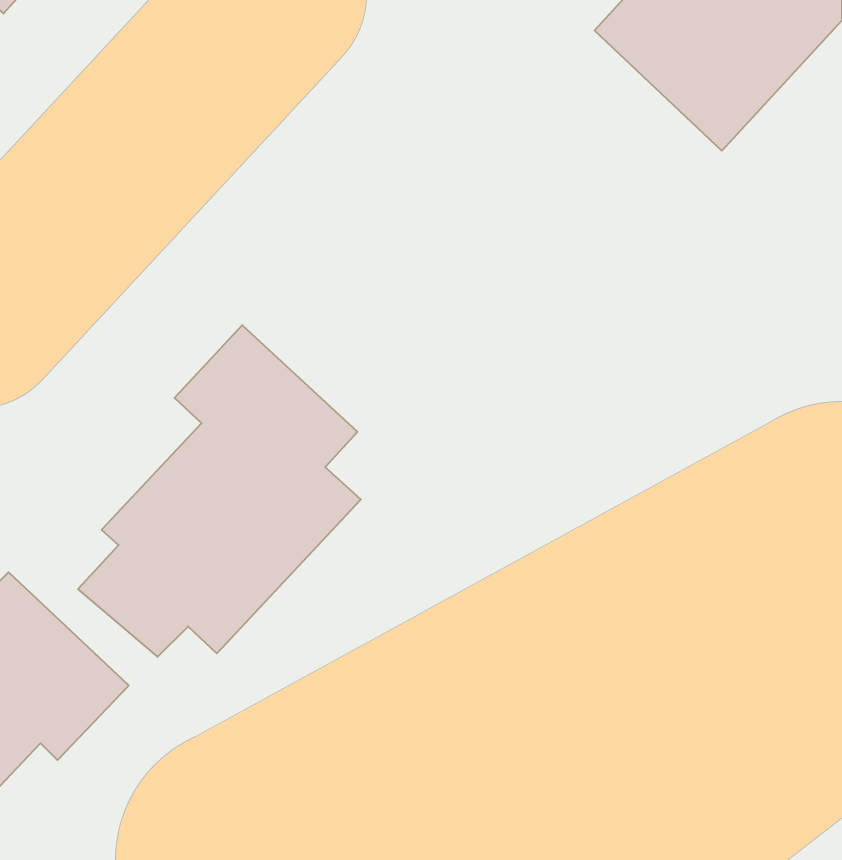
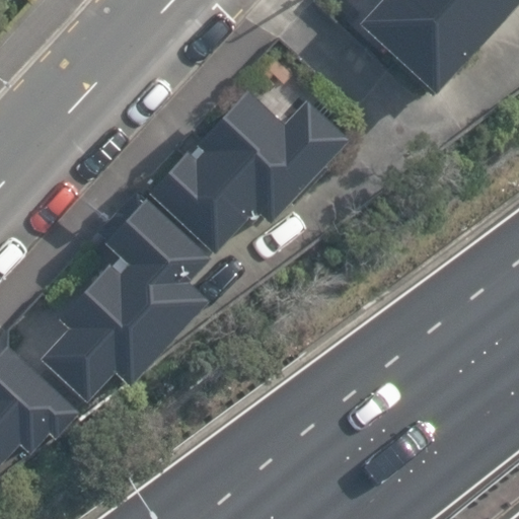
building: none -> [149,88,348,251]

